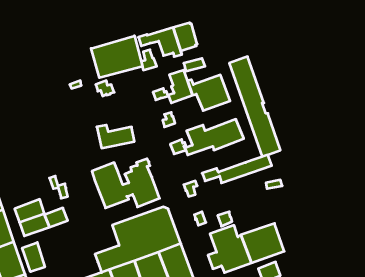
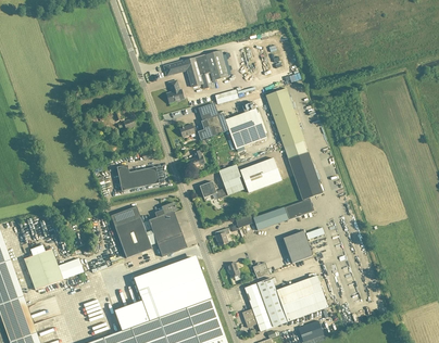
building: [91,36,142,78] -> none
building: none -> [283,230,312,263]
building: [22,242,45,272] -> none

